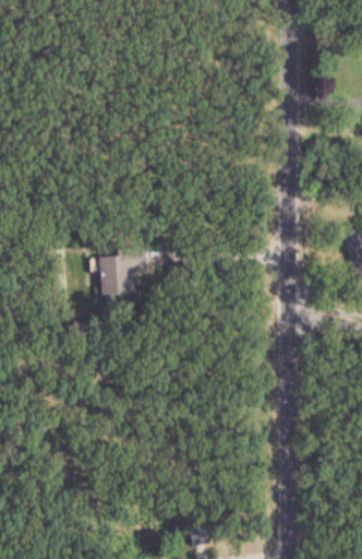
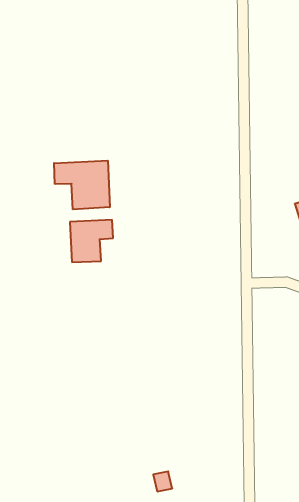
building: none -> [54,161,110,209]

